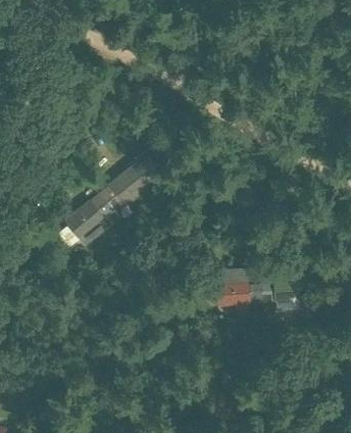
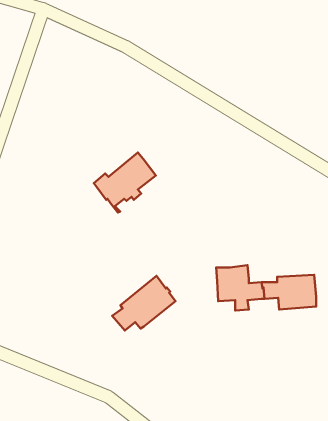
building: [54,196,115,249] -> [112,276,175,331]

